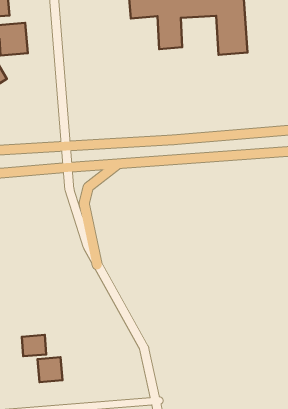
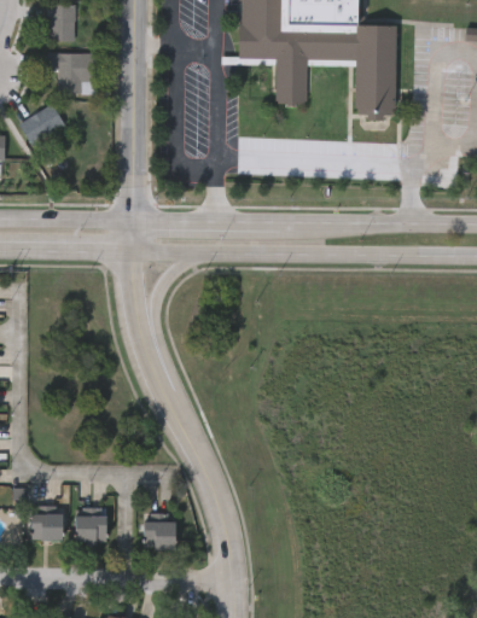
building: [22,335,46,356] -> [30,512,62,538]
building: none -> [142,519,175,548]

